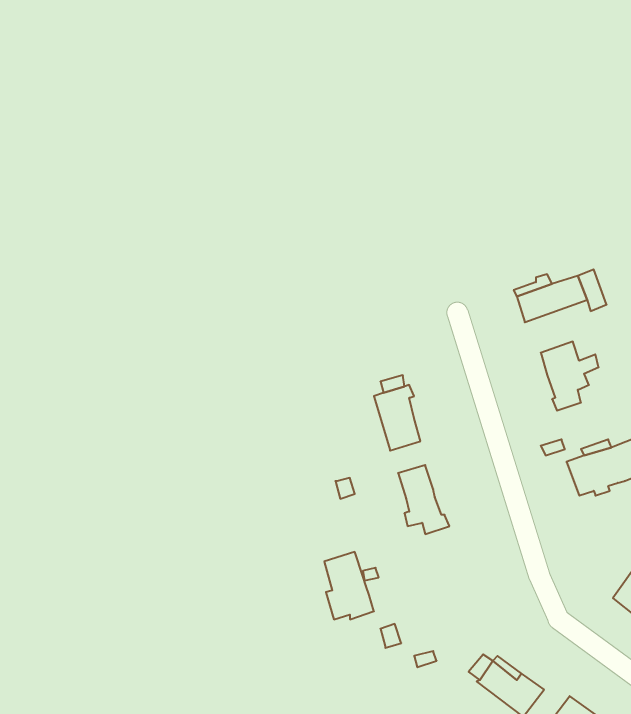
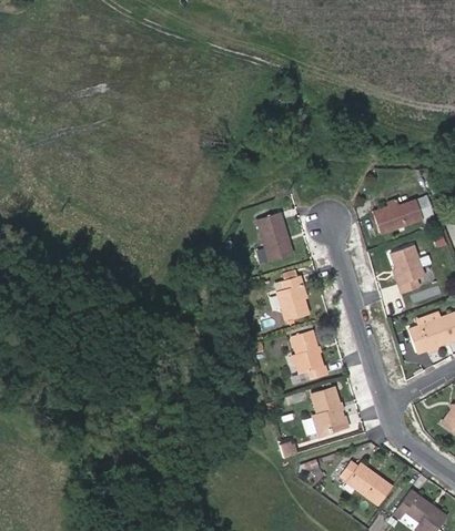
building: none -> [257,213,294,262]
building: [324,552,374,619] -> [313,388,347,435]

